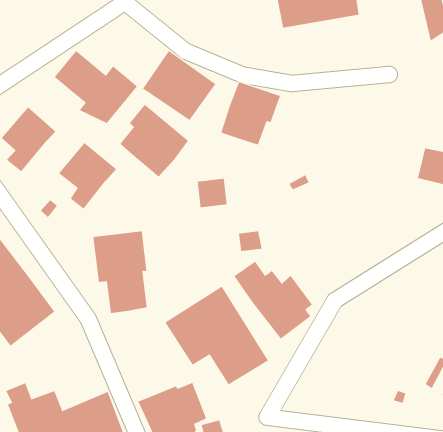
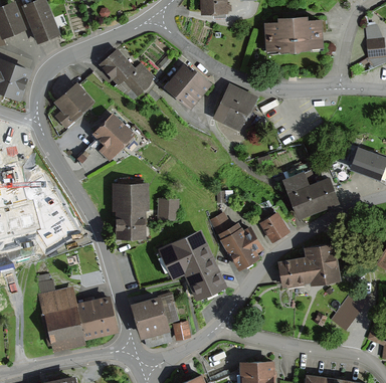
building: [120,104,189,177] -> none
building: [197,178,228,208] -> [157,201,177,220]
building: none -> [282,172,339,219]
building: none -> [258,212,290,243]
building: none -> [277,242,340,290]

